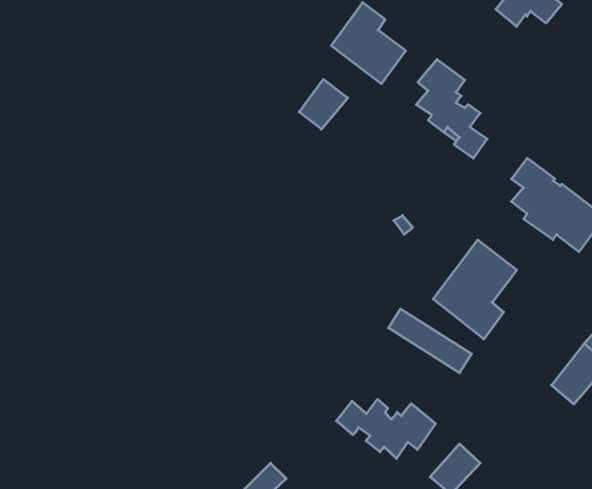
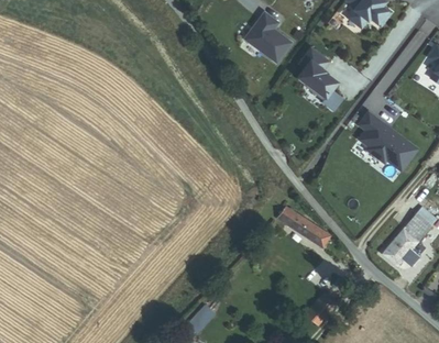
building: [299,79,348,129] -> none
building: [433,240,517,339] -> none
building: [336,399,435,459] -> none

